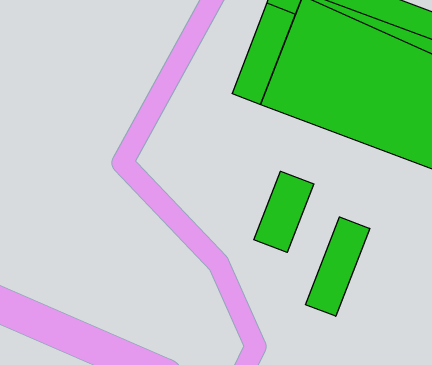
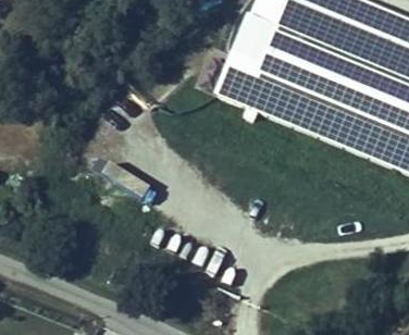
building: [254,171,314,252] -> none
building: [305,217,370,316] -> none

